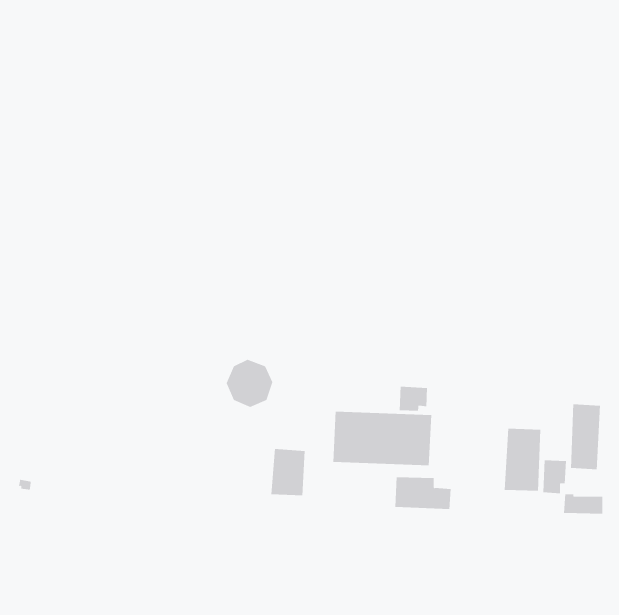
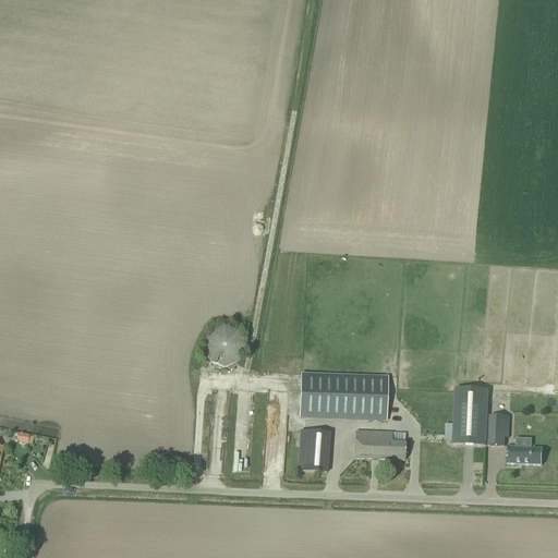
building: [399,386,427,411] -> none
building: [571,403,600,470] -> none
building: [270,448,306,496] -> [298,427,329,470]

